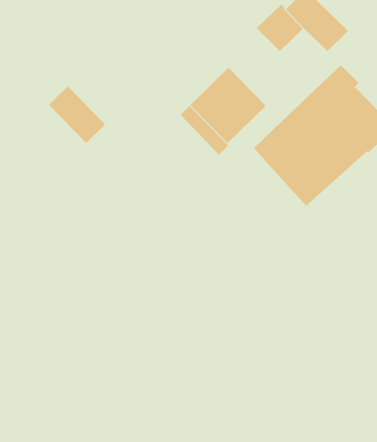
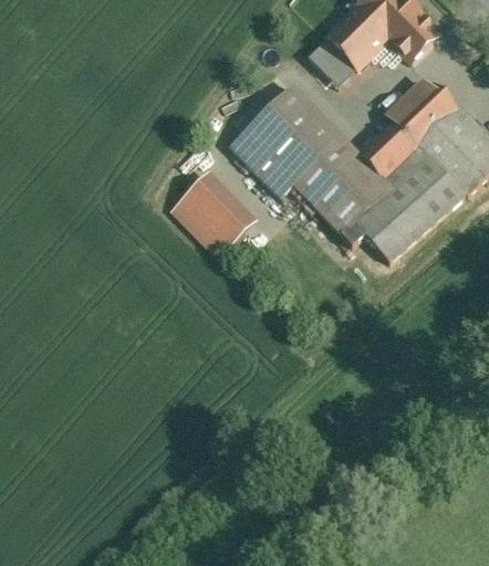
building: none -> [309,35,348,75]
building: [48,85,106,144] -> [174,180,246,253]
building: none -> [292,133,365,243]

